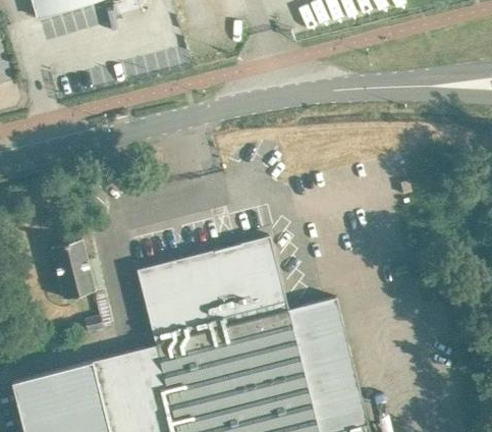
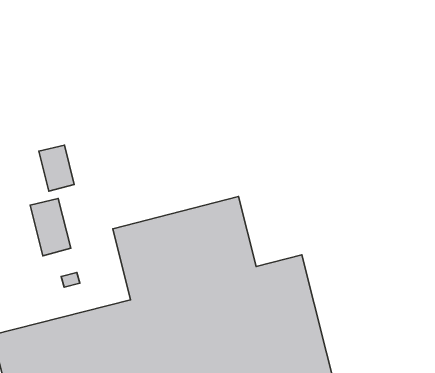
building: none -> [39,145,74,191]

